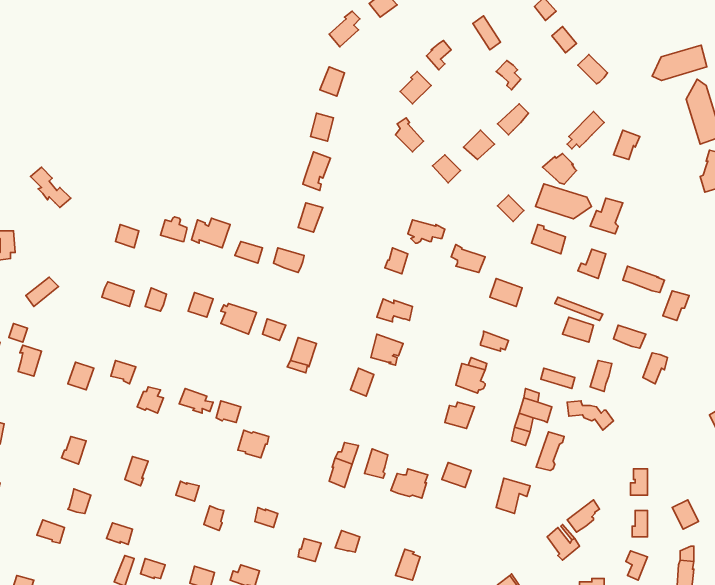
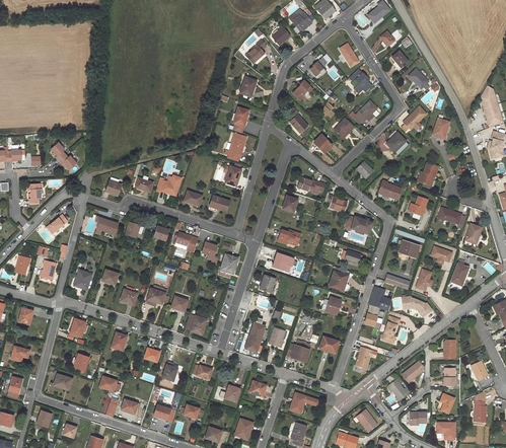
building: [652,45,707,81] -> none
building: [536,184,592,219] -> none

